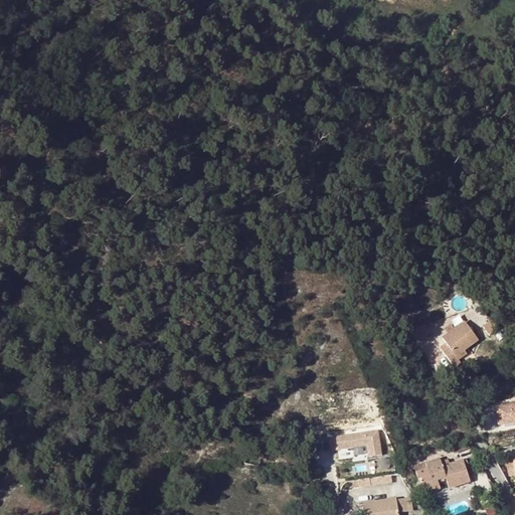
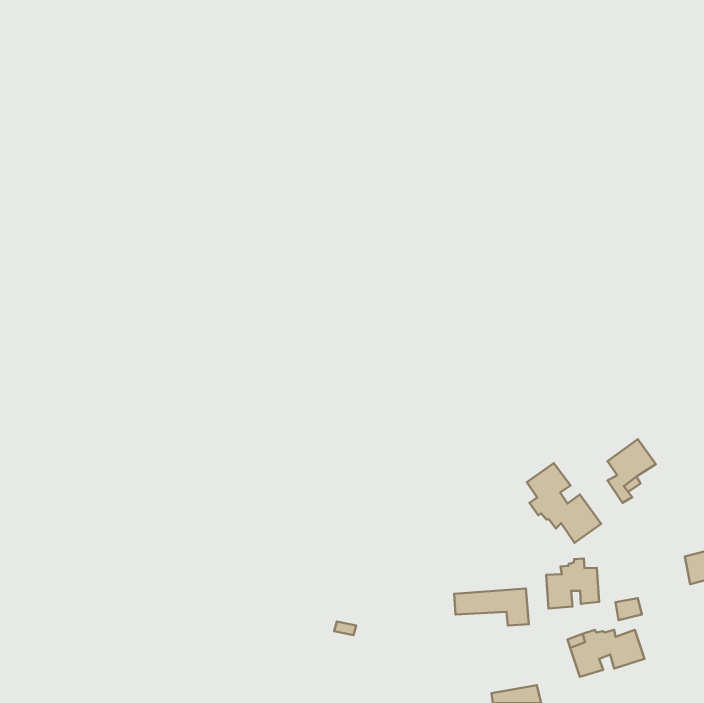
building: none -> [527,463,601,543]
building: none -> [546,559,599,608]

